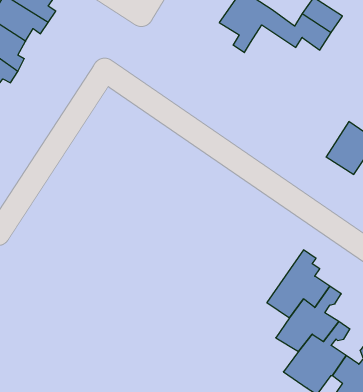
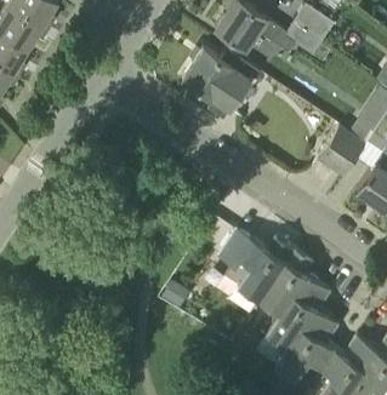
building: none -> [182,47,254,113]
building: none -> [221,230,296,313]

